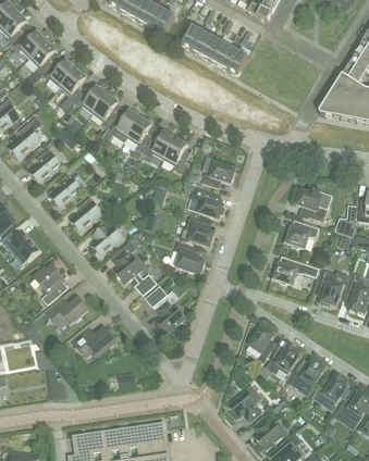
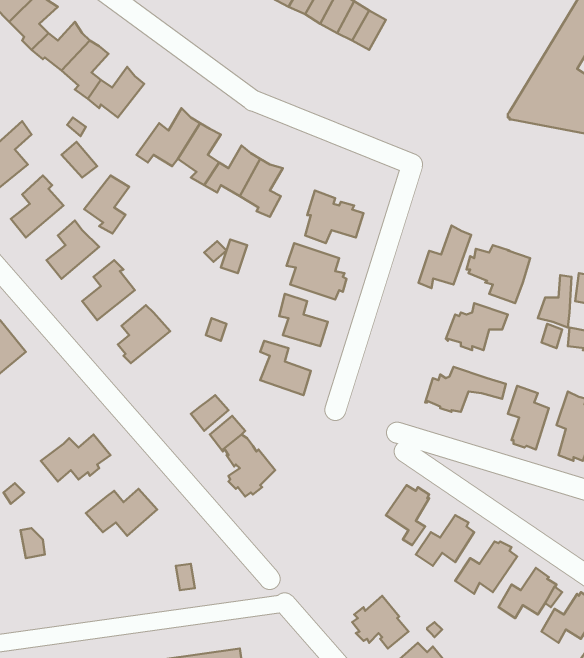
building: [91,94,118,127] -> [84,176,129,234]
building: none -> [418,226,471,288]
building: [109,246,142,283] -> none
building: [33,264,63,304] -> none

